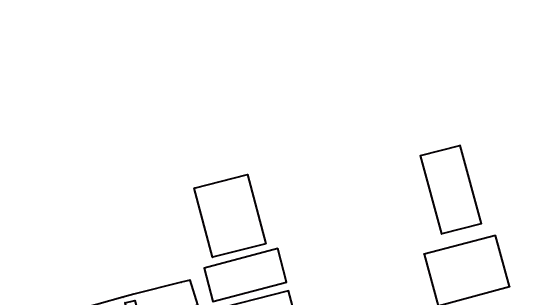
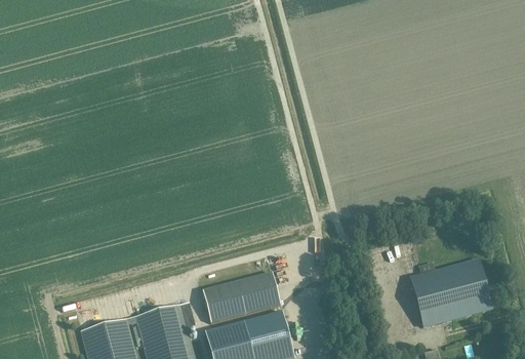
building: [420,145,481,234] -> none
building: [194,175,266,257] -> none

